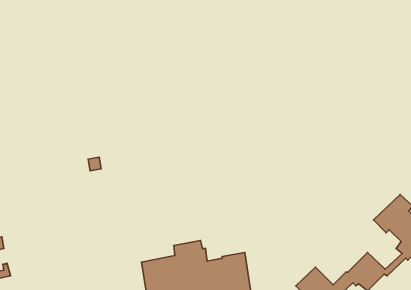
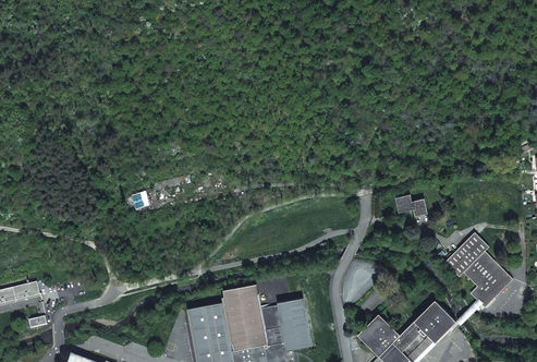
building: none -> [394,193,426,216]

